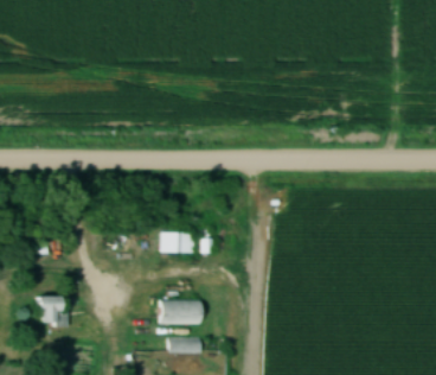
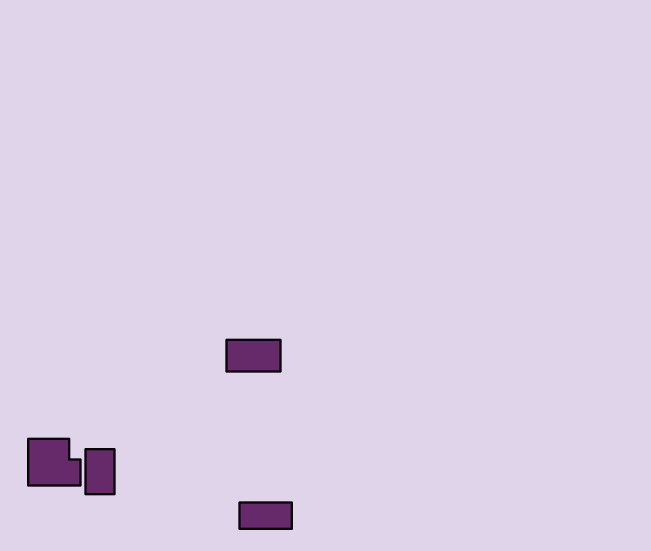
building: [156,299,201,324] -> none
building: none -> [85,449,114,494]

